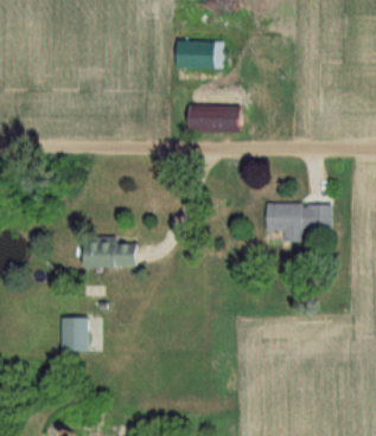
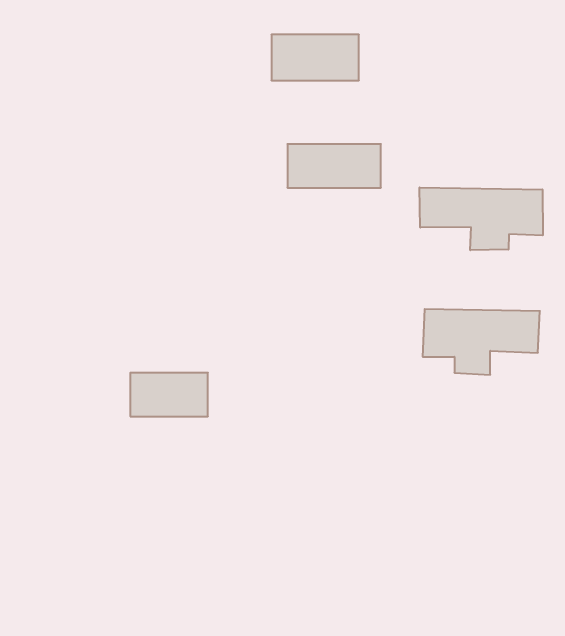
building: none -> [420,187,543,250]
building: [65,318,97,351] -> none

